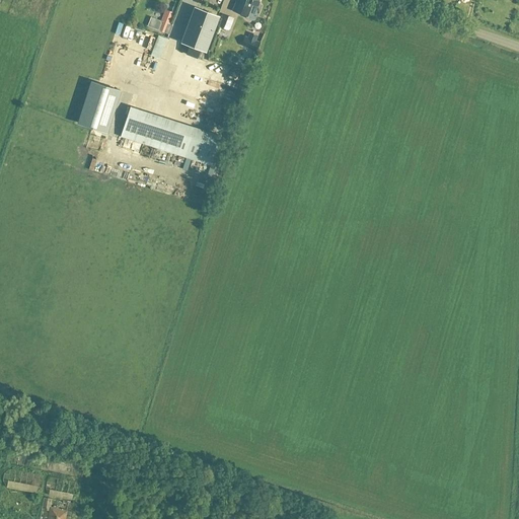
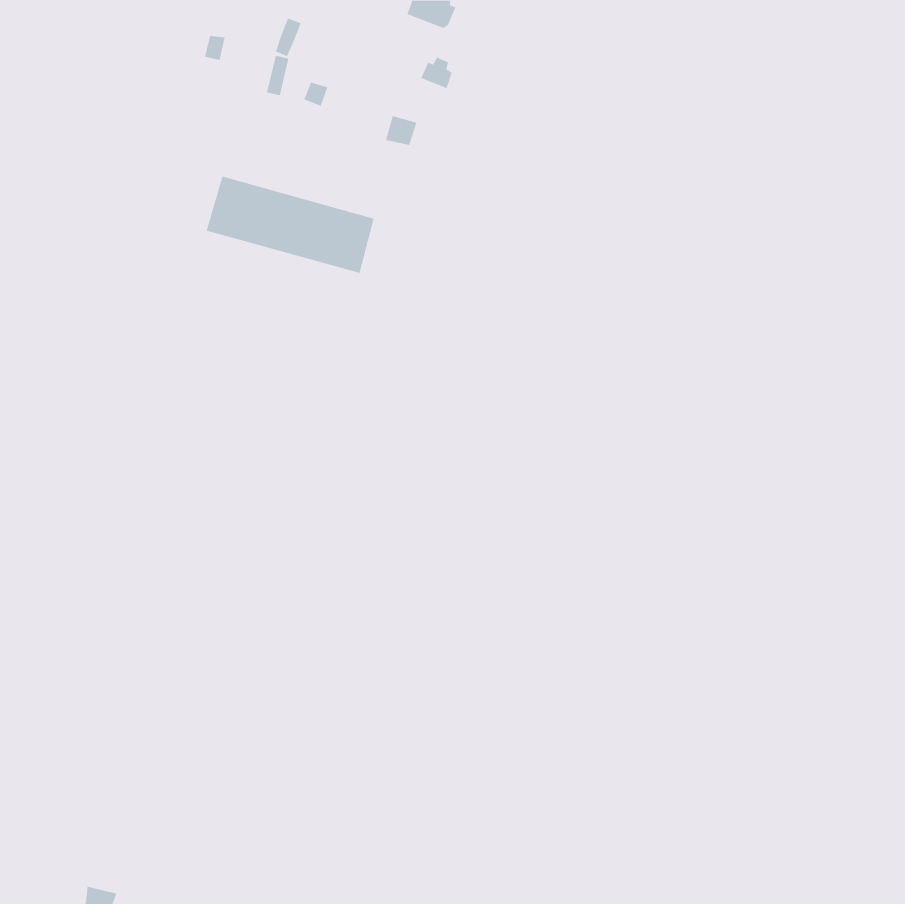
building: [178,10,214,53] -> none
building: [77,81,119,132] -> none

